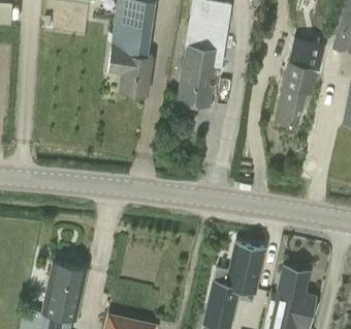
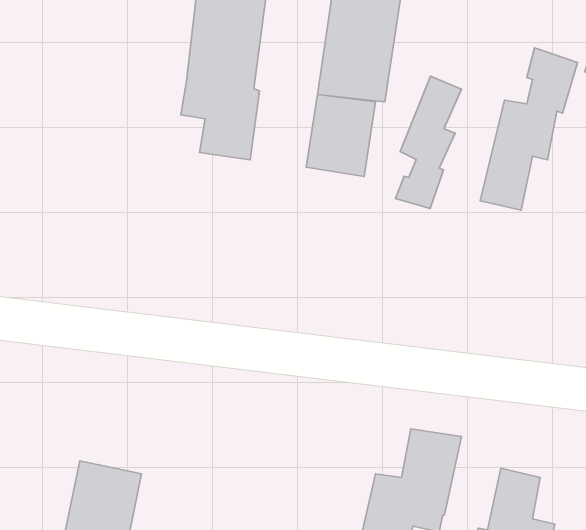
building: none -> [395,76,461,209]

